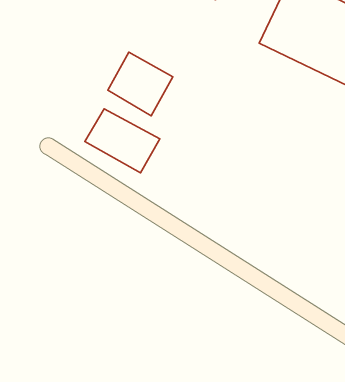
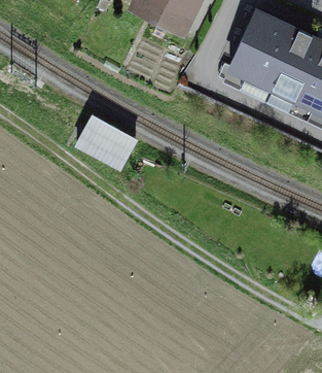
building: [108,52,173,116] -> none

